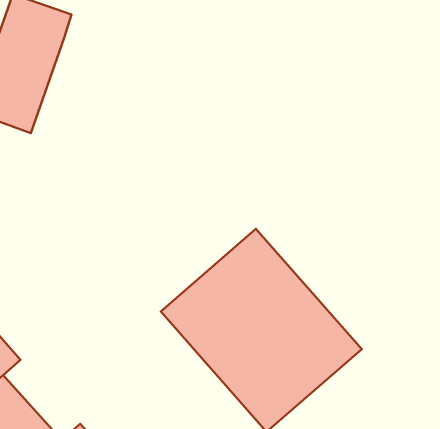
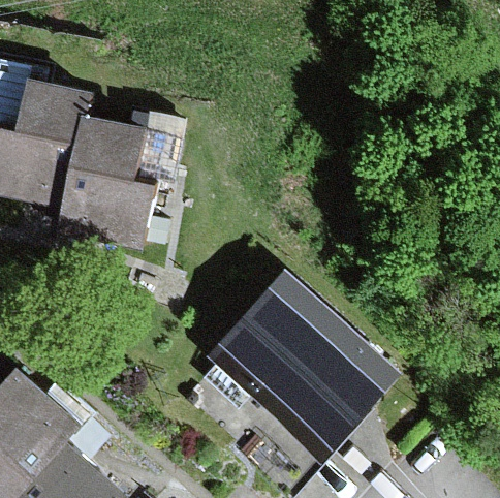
building: none -> [57,115,155,249]

